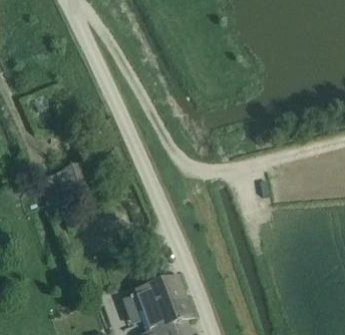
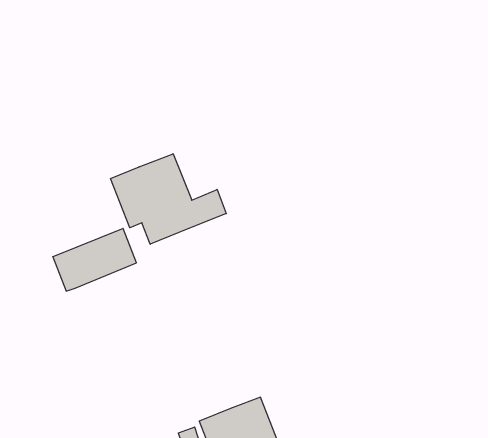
building: none -> [111,154,226,244]

